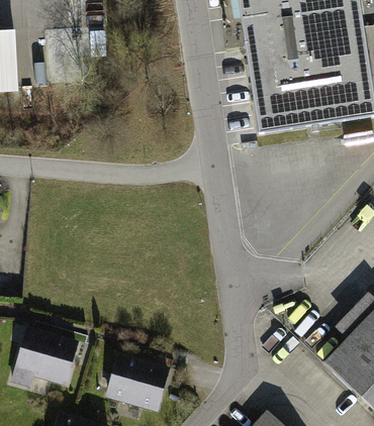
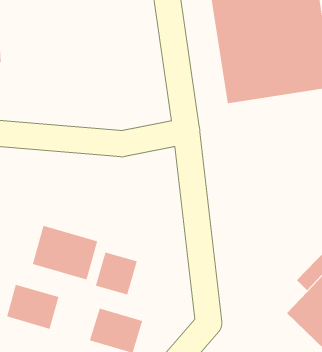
building: none -> [32,225,98,281]
building: none -> [95,251,138,295]

